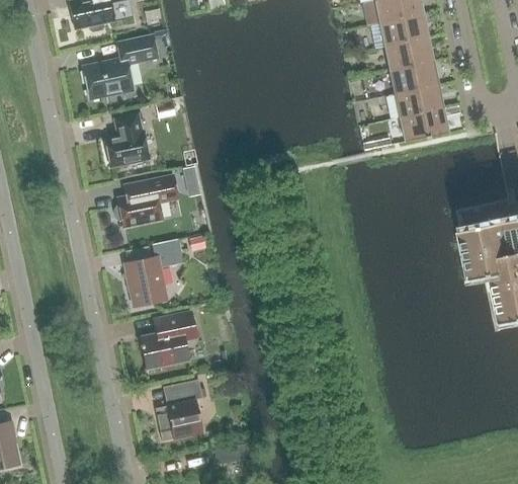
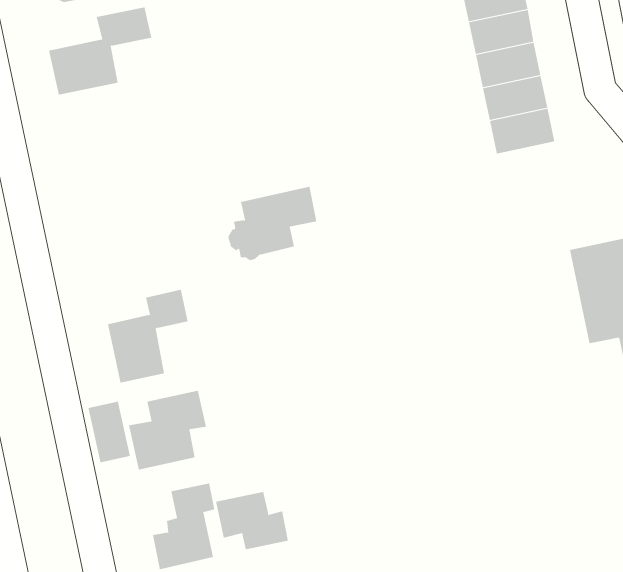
building: [106,113,150,166] -> none
building: [114,174,179,228] -> [227,186,317,261]
building: none -> [88,401,130,463]
building: none -> [216,491,288,550]

